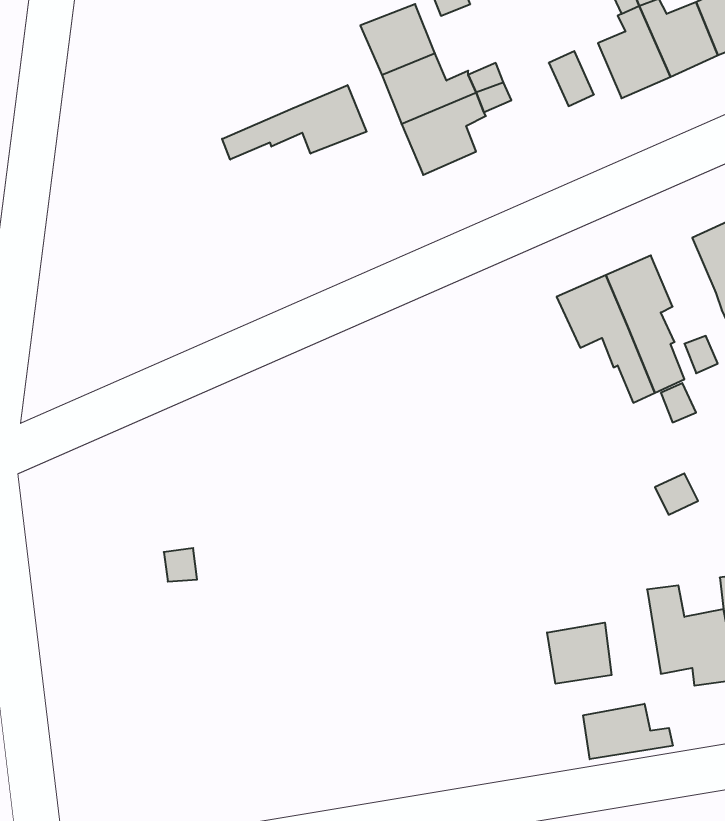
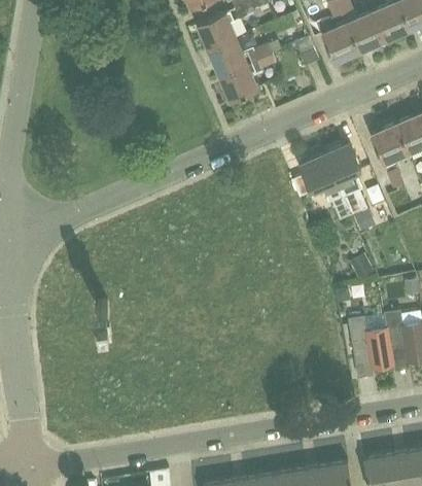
building: [222,85,367,160] -> none
building: [547,623,612,684] -> none
building: [583,704,673,759] -> none

